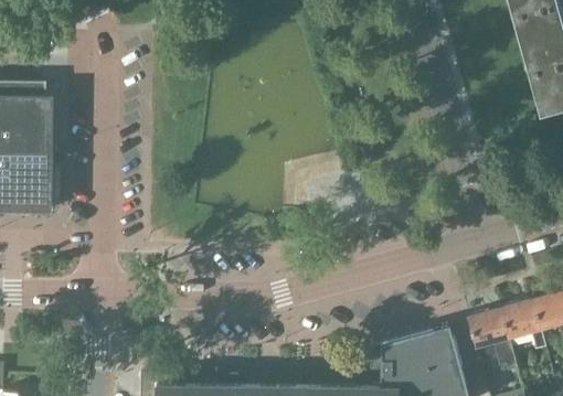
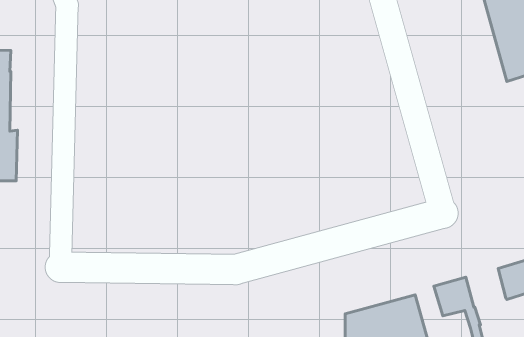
building: [500,301,545,352] -> none

